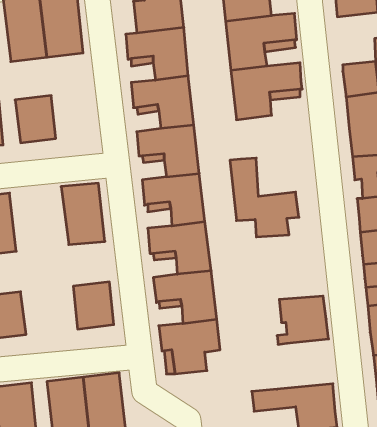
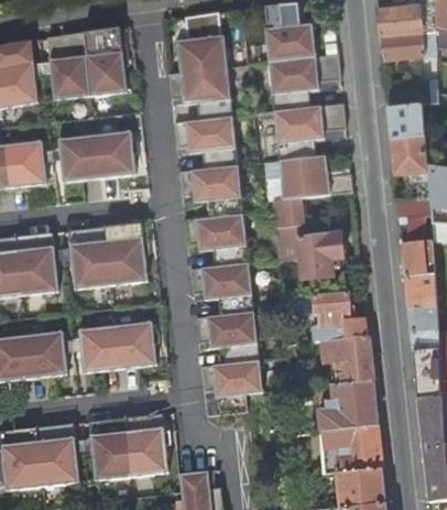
building: none -> [95,131,135,178]
building: none -> [281,154,353,199]
building: none -> [69,227,112,290]
building: none -> [284,291,368,341]
building: none -> [80,327,121,373]
building: none -> [319,380,378,431]

